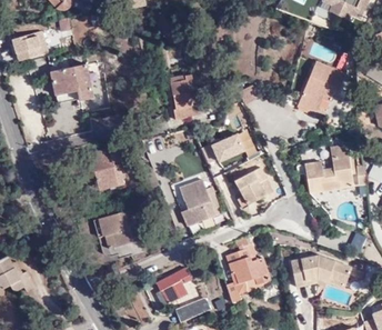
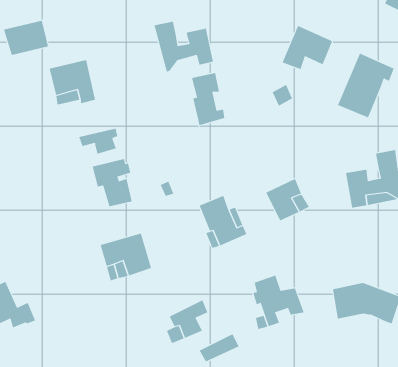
building: none -> [154,21,214,73]
building: none -> [282,25,333,70]
building: none -> [78,128,118,154]
building: [213,133,244,160] -> none

